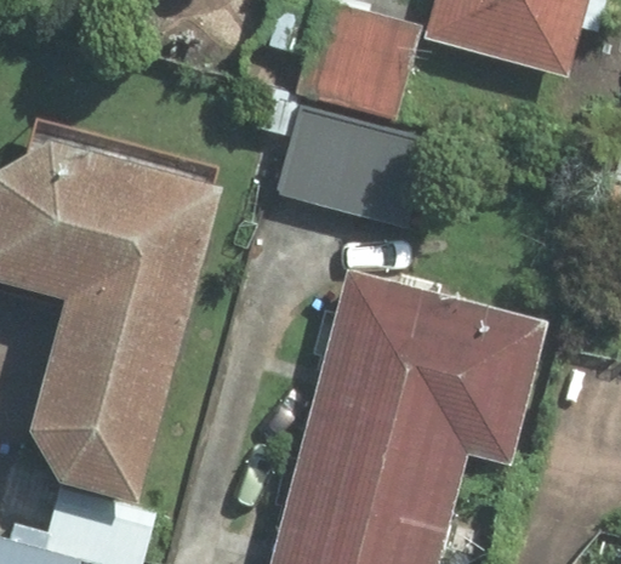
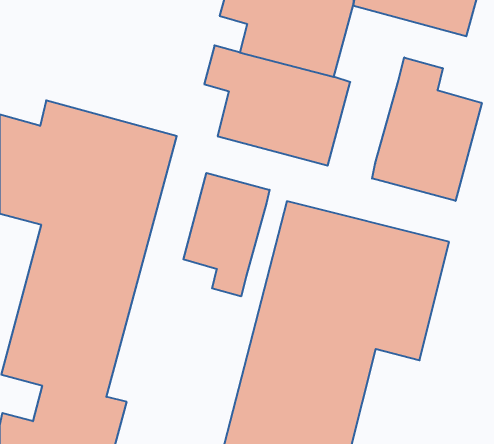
building: none -> [372,57,482,201]
building: none -> [183,173,270,296]

